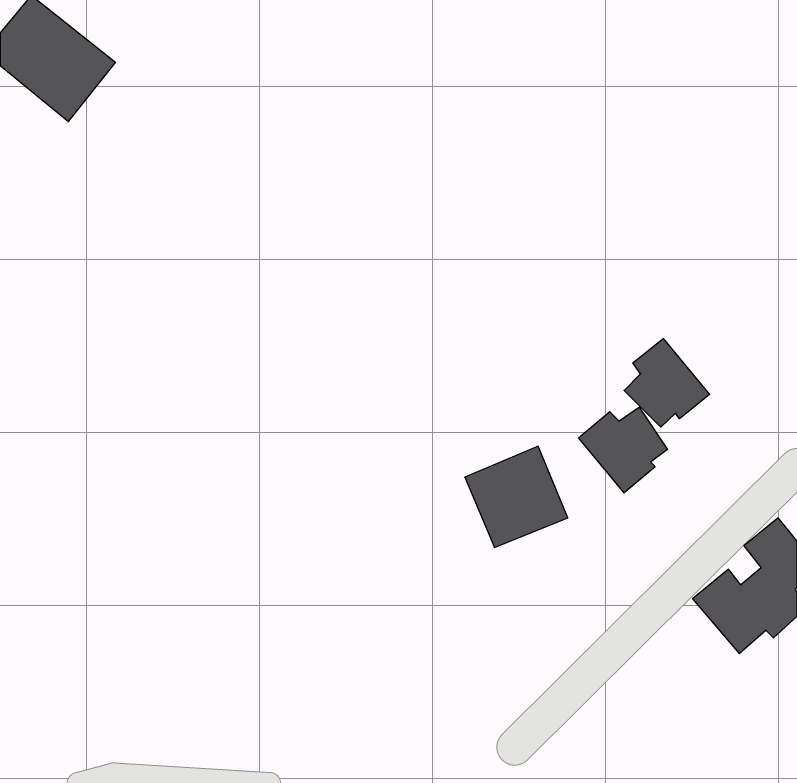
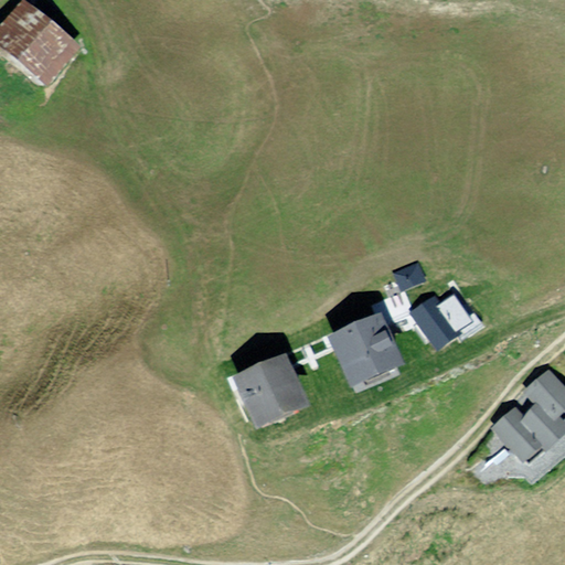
building: [624,338,710,427] -> none
building: none -> [234,356,306,428]

